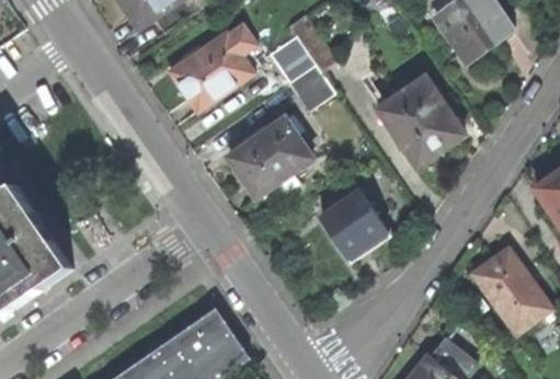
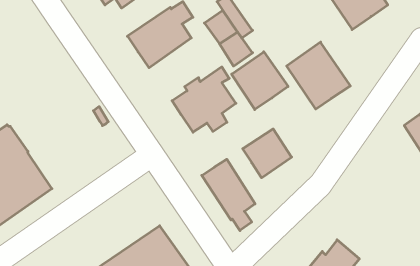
building: none -> [232,52,288,110]
building: none -> [202,159,255,231]
building: [472,246,550,332] -> none

